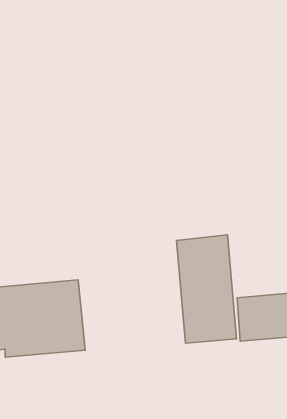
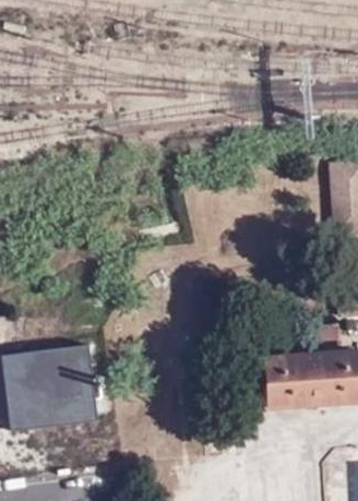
building: [176,235,237,343] -> none

